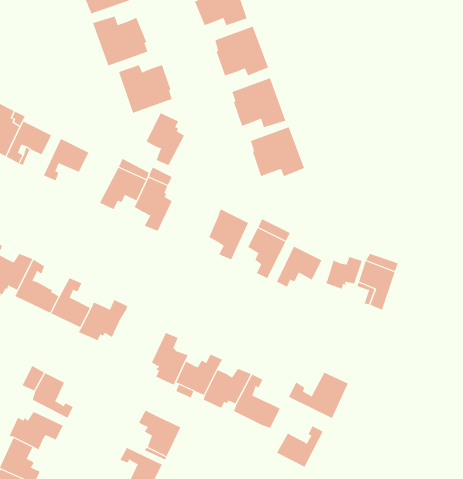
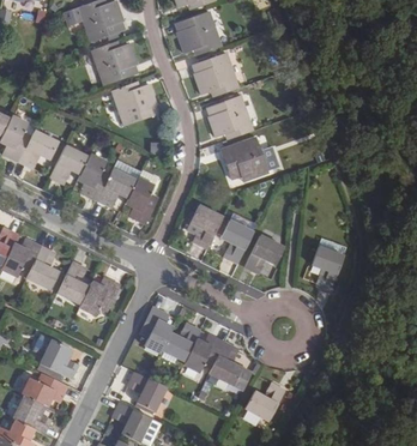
building: [146,113,185,166] -> [78,155,110,199]
building: [325,256,362,289] -> none
building: [288,372,349,419] -> none

